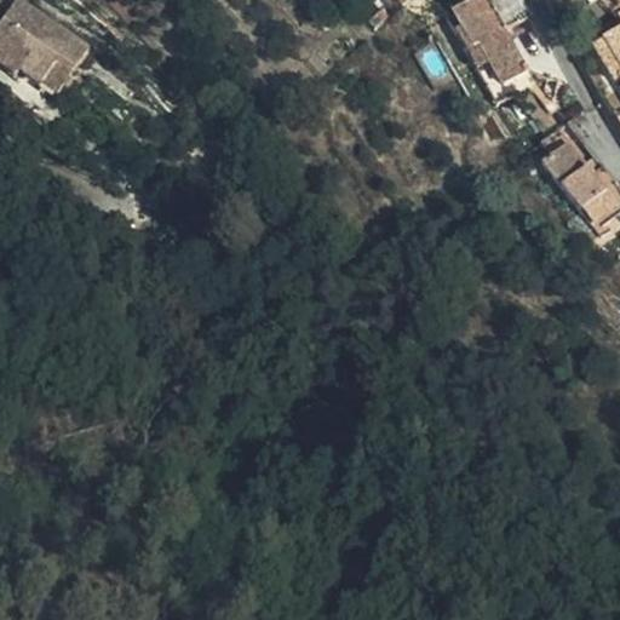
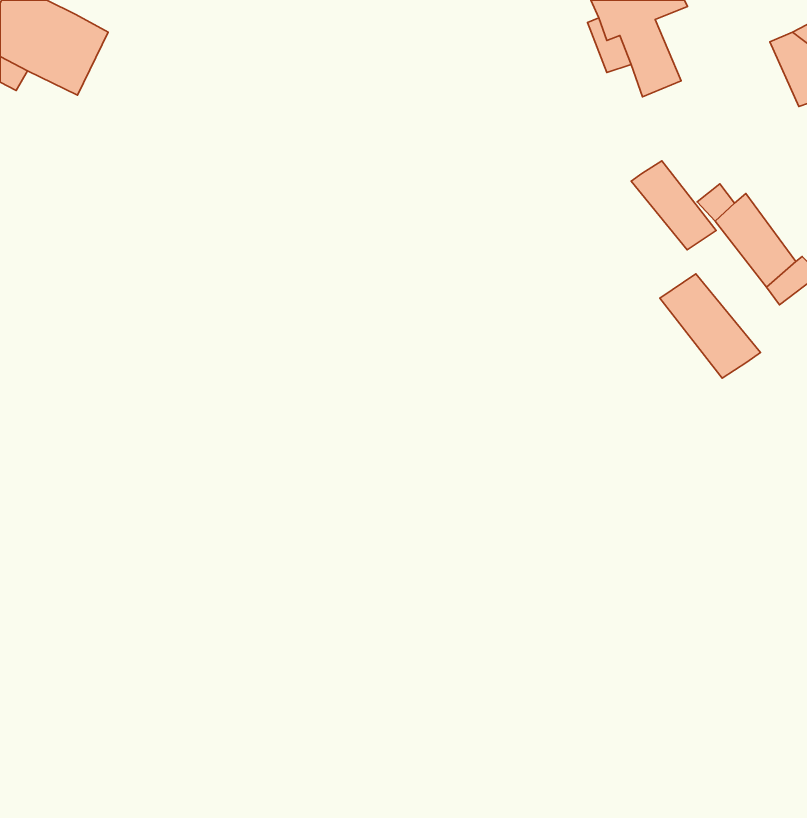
building: none -> [631,161,716,250]
building: none -> [660,274,760,378]

